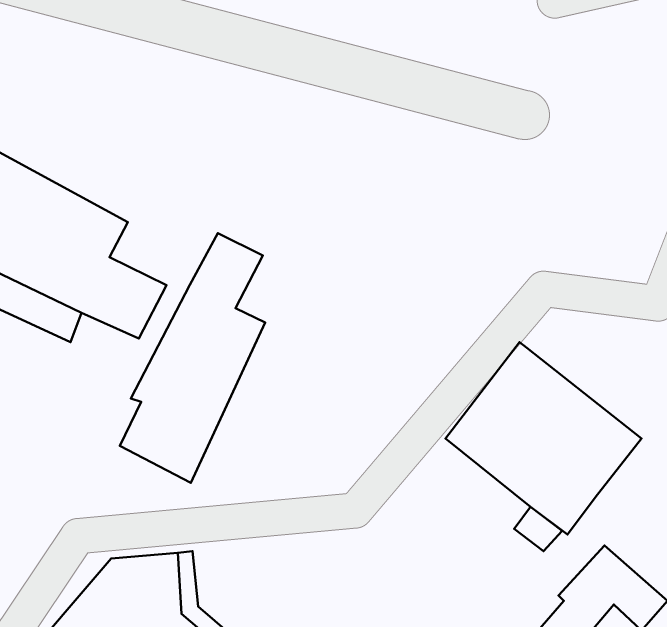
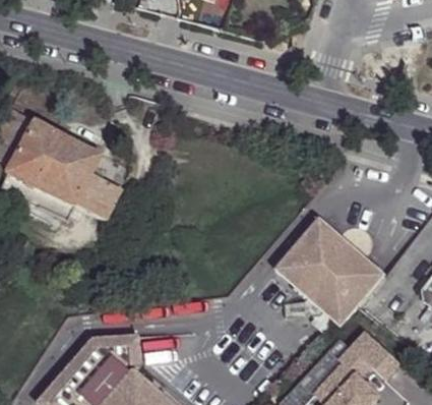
building: [120,233,265,483] -> none

